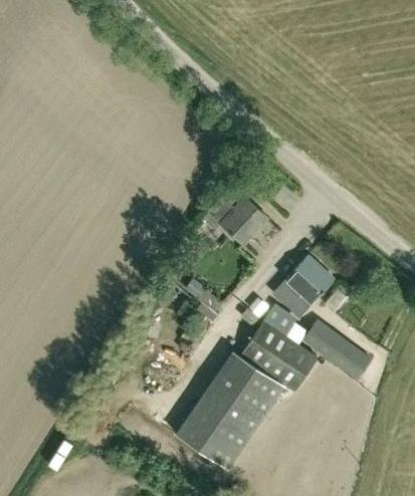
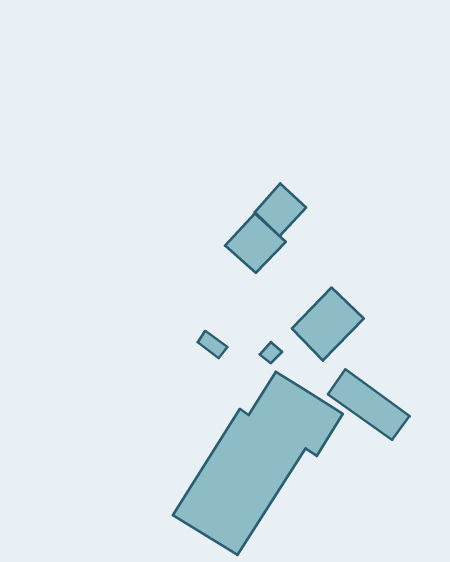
building: none -> [255,183,306,236]
building: [261,308,294,338] -> none

